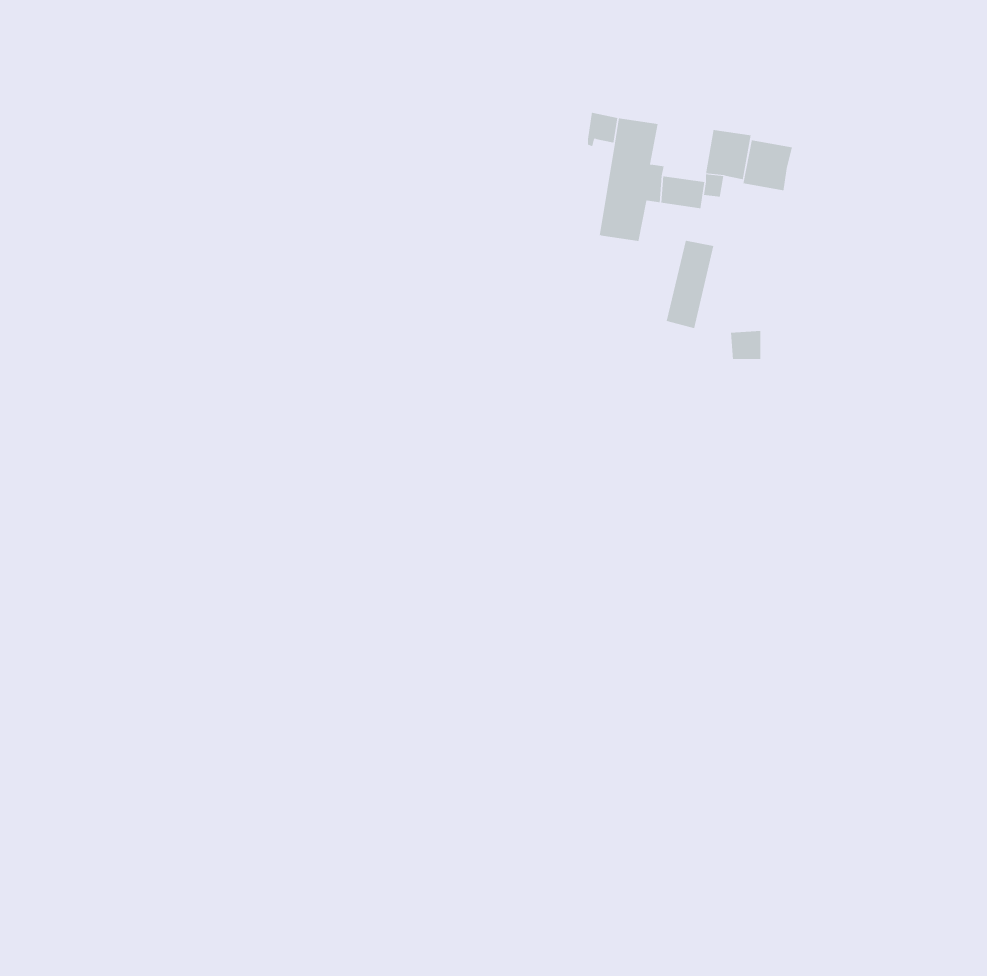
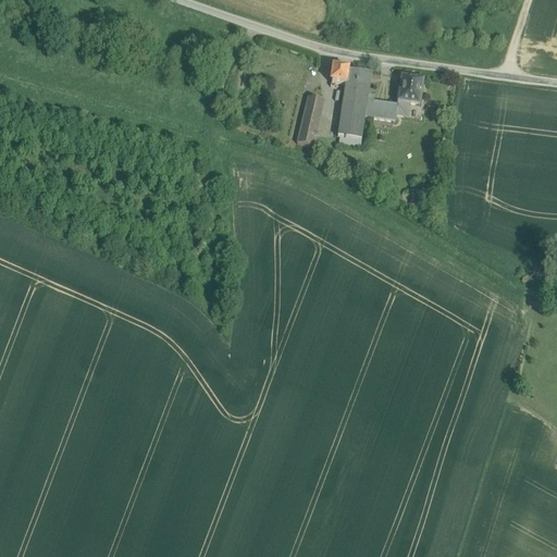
building: [743,140,792,191] -> none
building: [666,240,714,329] -> [297,94,324,144]

